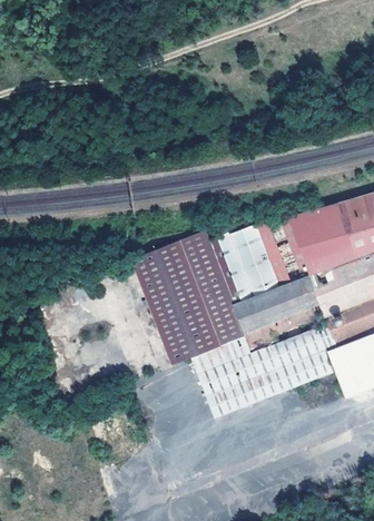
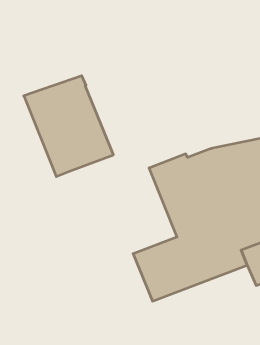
building: [132,232,246,360] -> [24,76,113,177]

